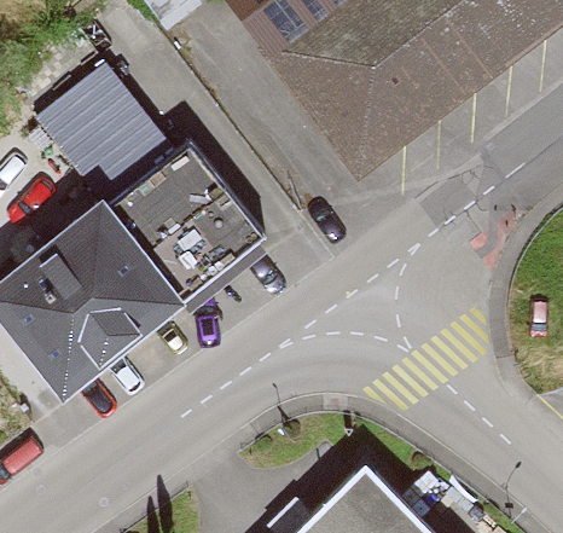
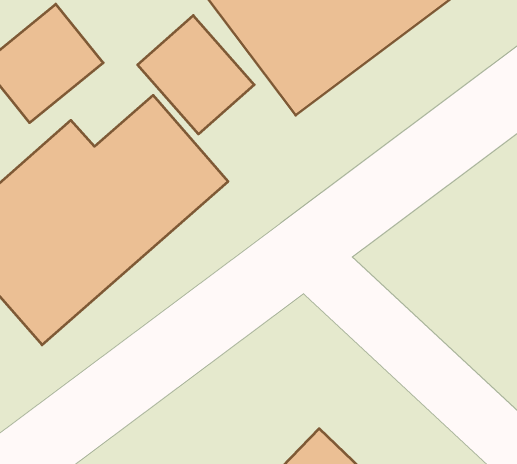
building: none -> [138,15,254,134]

